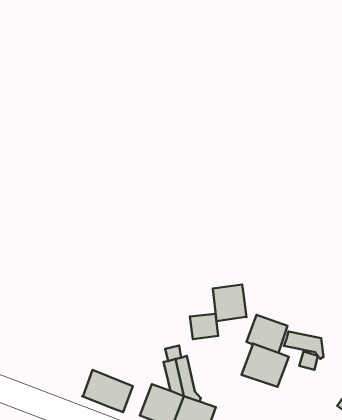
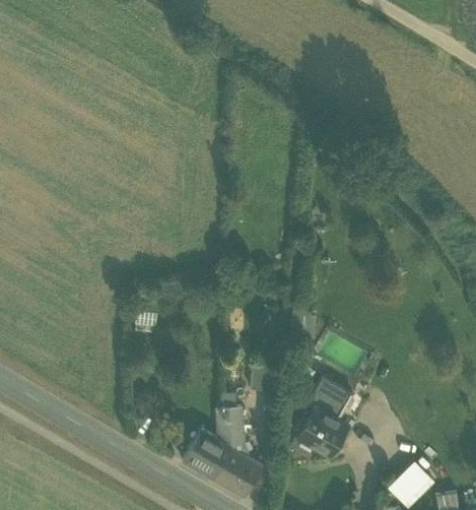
building: [213,284,246,321] -> none
building: [284,332,323,359] -> none
building: [82,370,133,412] -> none

